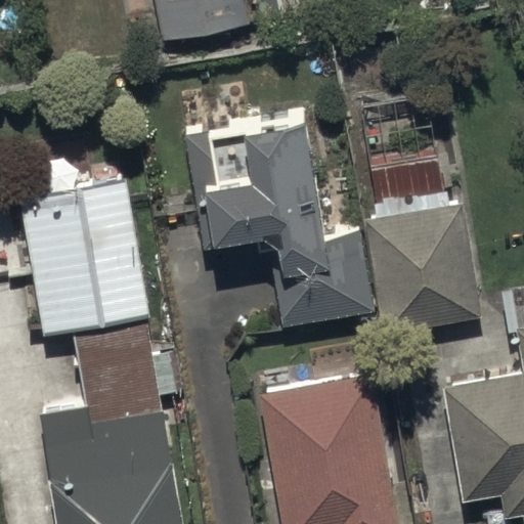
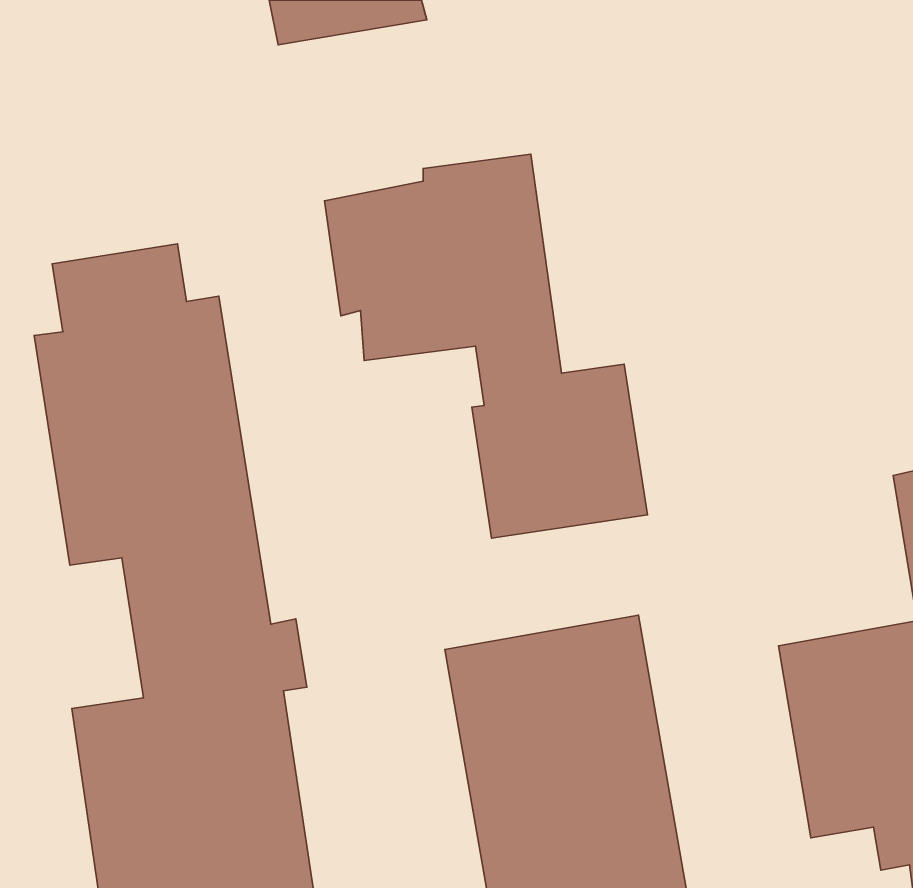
building: [364,156,481,335] -> none

